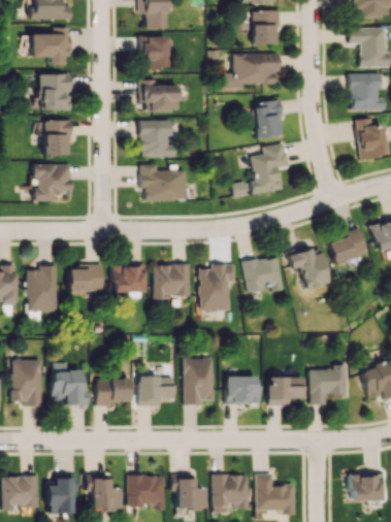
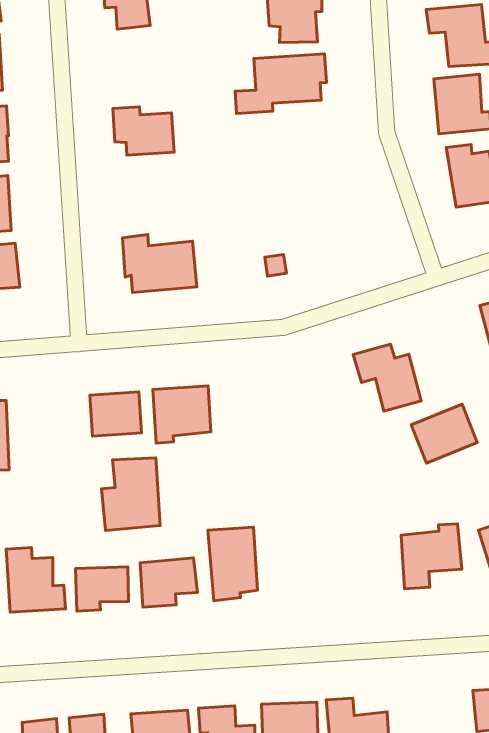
building: [142,37,168,69] -> none
building: [255,101,282,137] -> none
building: [140,121,176,157] -> none
building: [252,144,289,194] -> none
building: [327,228,369,265] -> [411,404,477,463]
building: [242,256,285,292] -> none
building: [69,264,104,292] -> none
building: [200,265,235,311] -> none
building: none -> [102,458,160,530]
building: [227,377,259,404] -> none
building: [269,377,304,405] -> none

